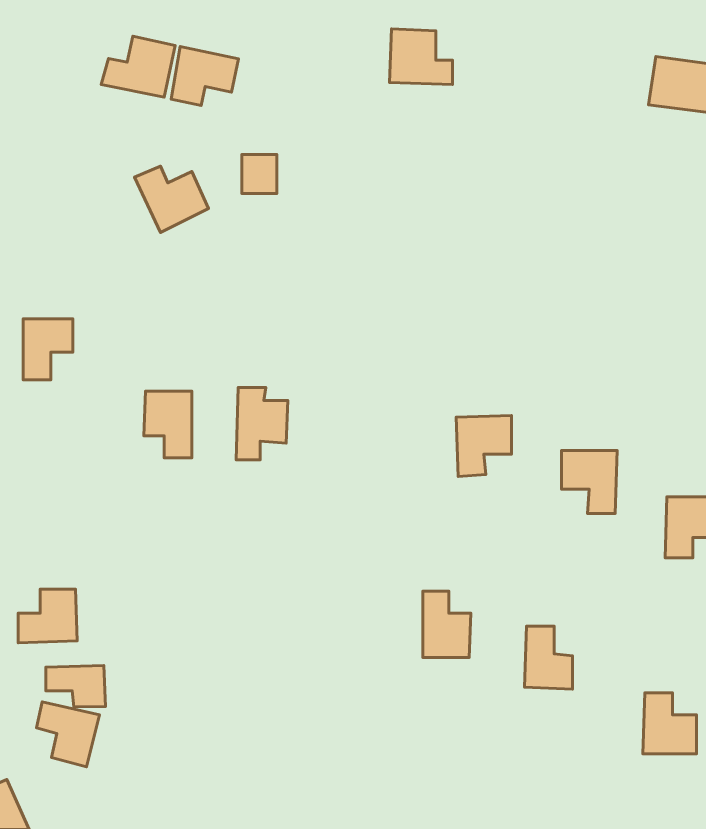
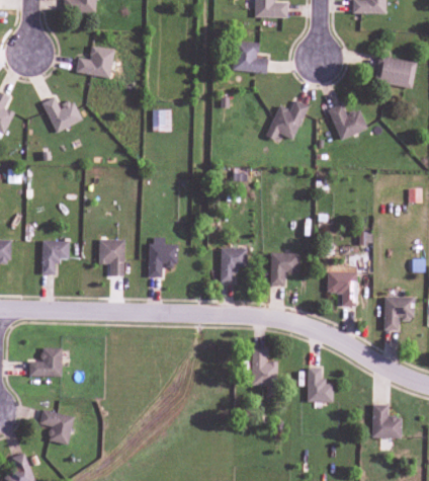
building: [171,46,239,106] -> none
building: none -> [265,99,309,141]
building: none -> [328,103,367,140]
building: [134,166,208,233] -> [41,96,82,133]
building: [23,319,73,380] -> [41,240,69,273]
building: none -> [220,247,247,283]
building: [46,665,105,707] -> none

